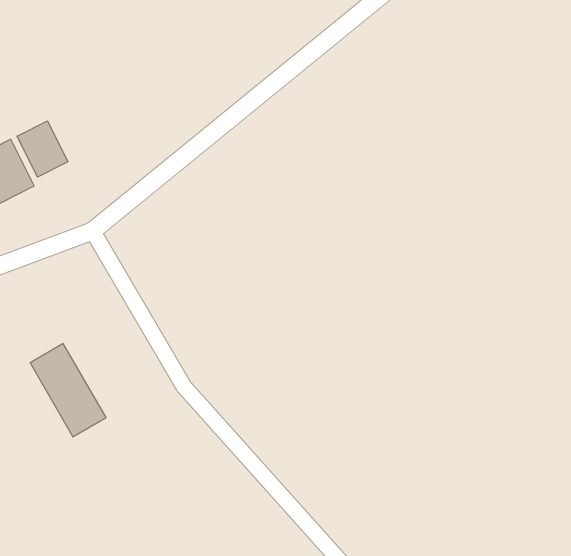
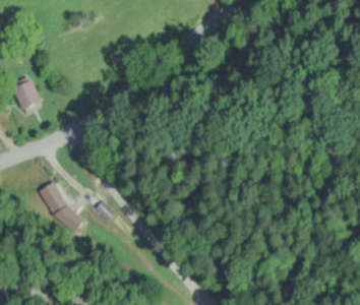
building: [17,121,68,177] -> none

